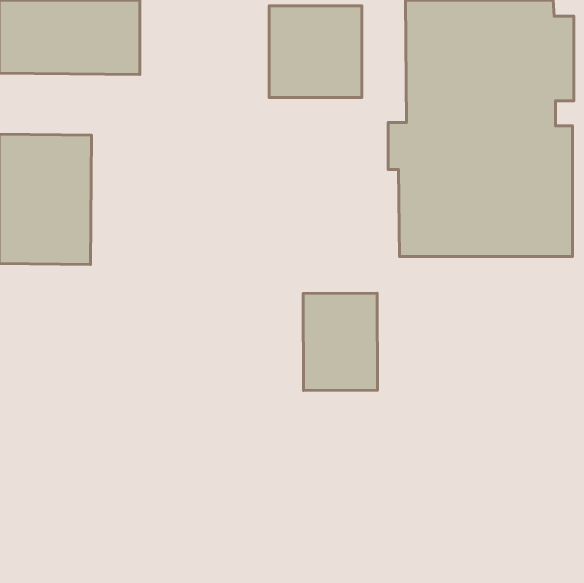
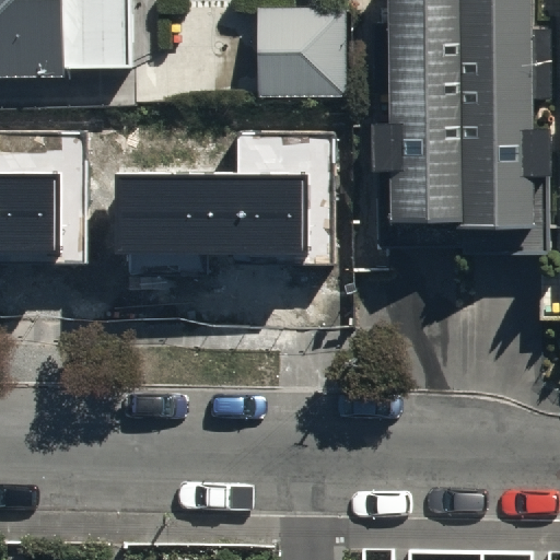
building: none -> [115,135,335,256]
building: [303,293,378,391] -> none

